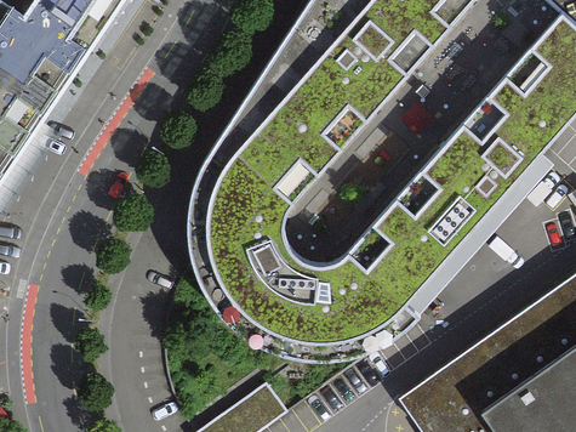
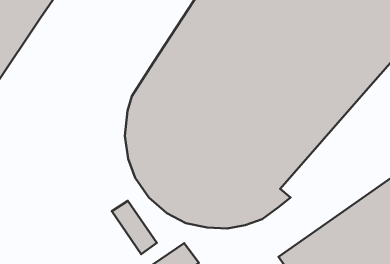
building: none -> [112,201,157,254]

